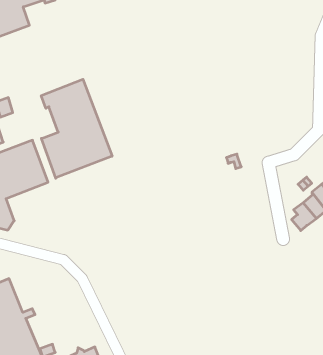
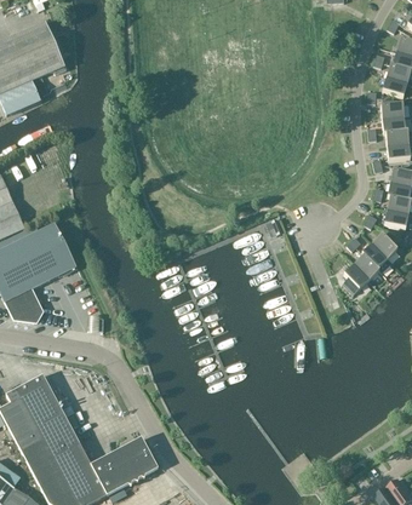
building: [41,79,112,178] -> none

